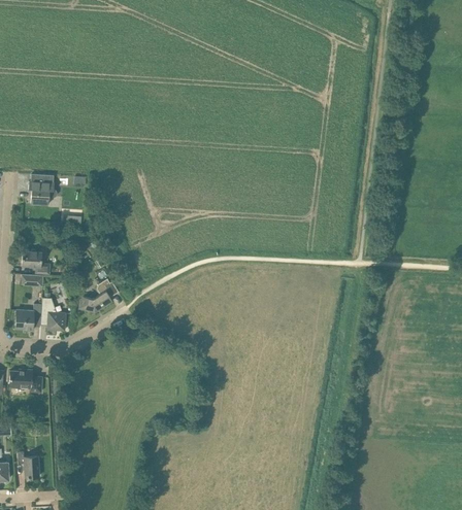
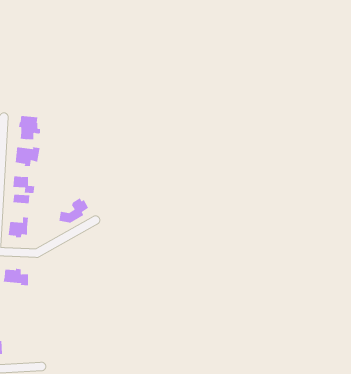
building: none -> [15,146,40,167]
building: [40,298,66,331] -> none
building: [16,451,39,478] -> none

